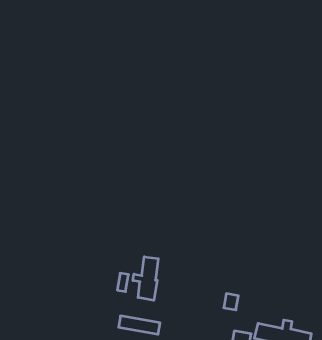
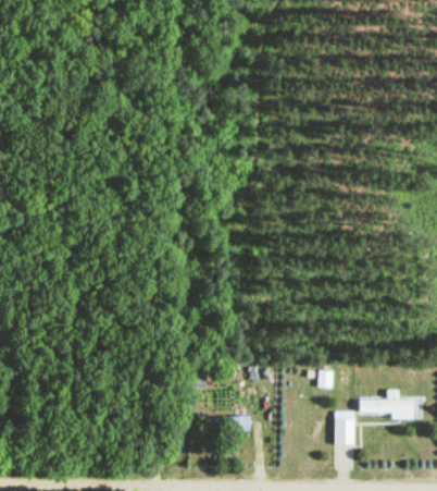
building: [133,257,158,300] -> none

